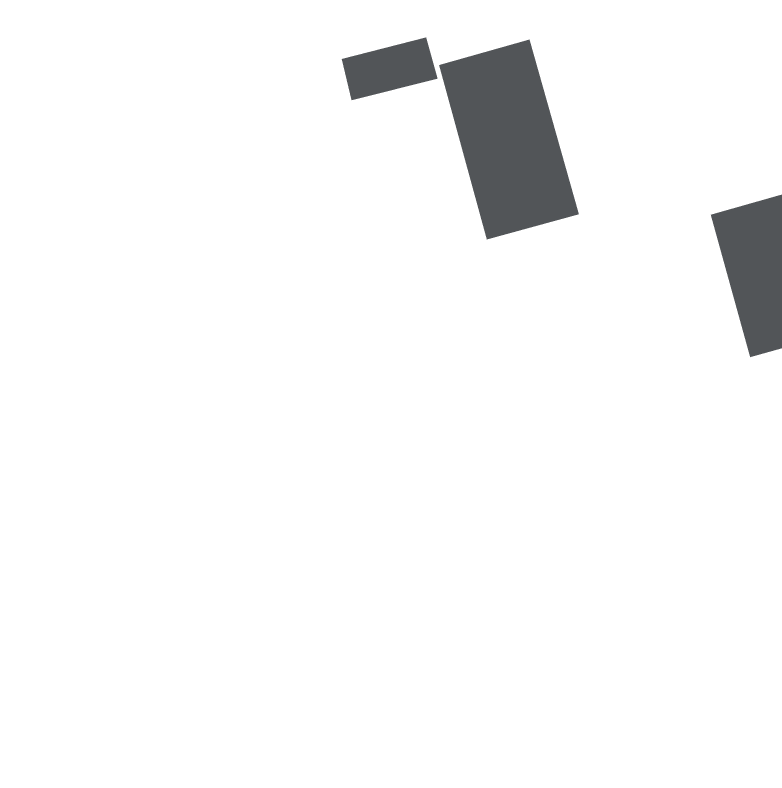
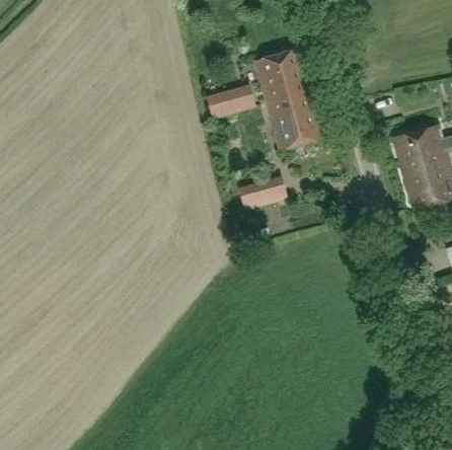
building: [341,37,439,101] -> [206,84,255,117]
building: none -> [239,178,286,209]

